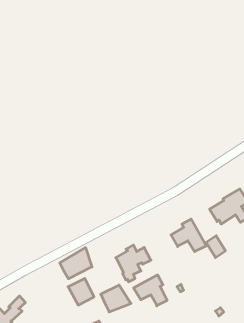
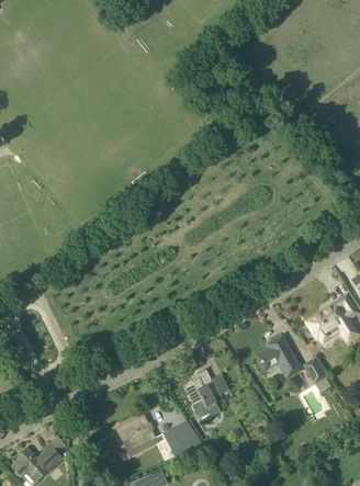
building: [60,248,92,279] -> none
building: [134,275,167,306] -> none

